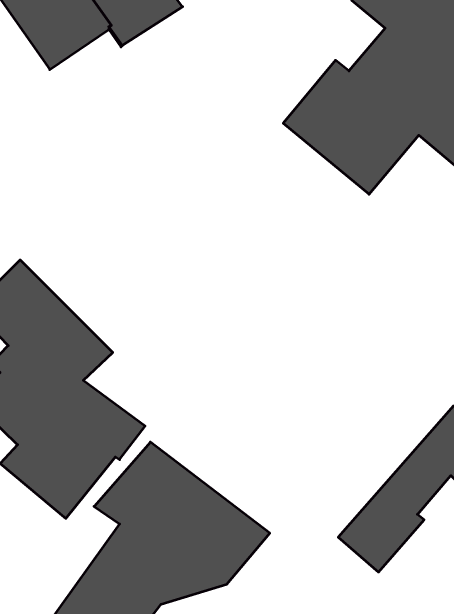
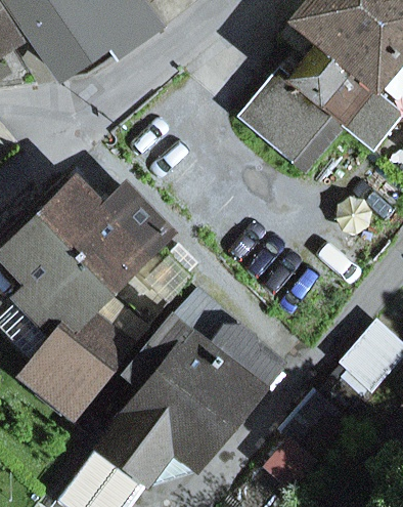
building: none -> [39,184,169,292]
building: none -> [138,291,284,430]

